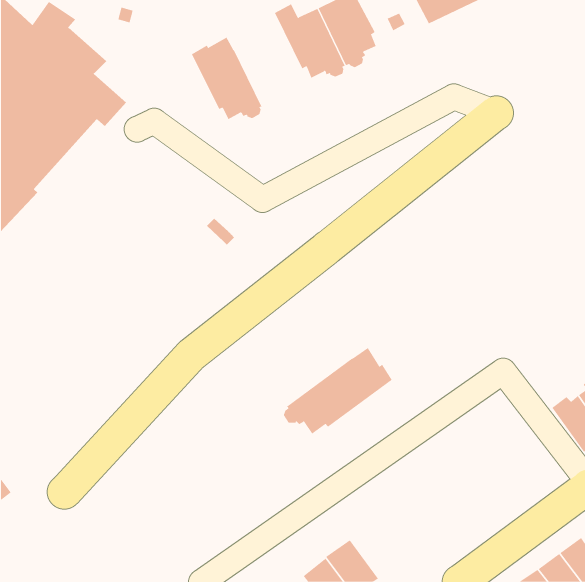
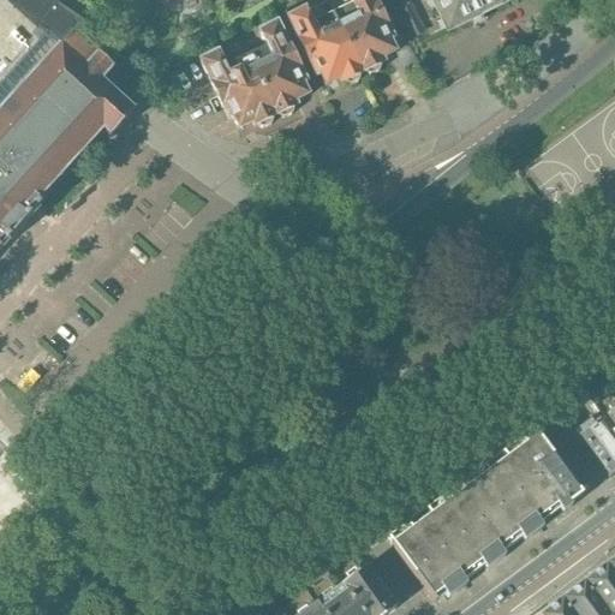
building: none -> [247,19,310,113]
building: [283,347,393,435] -> none
building: none -> [389,424,585,598]

